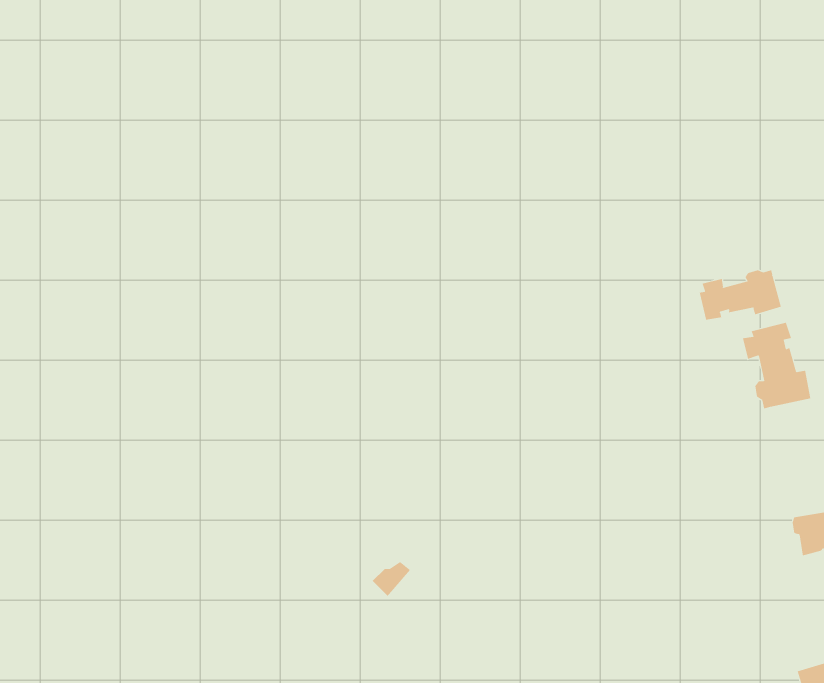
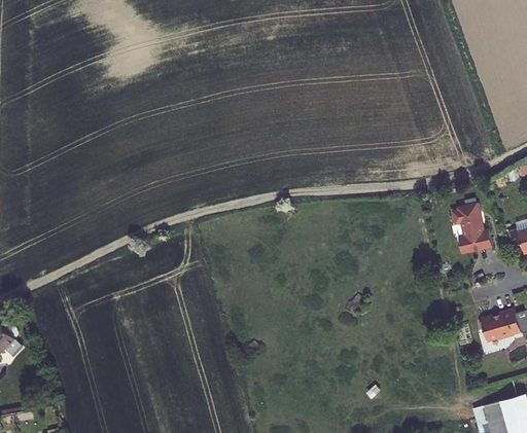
building: [699,269,781,321] -> none

